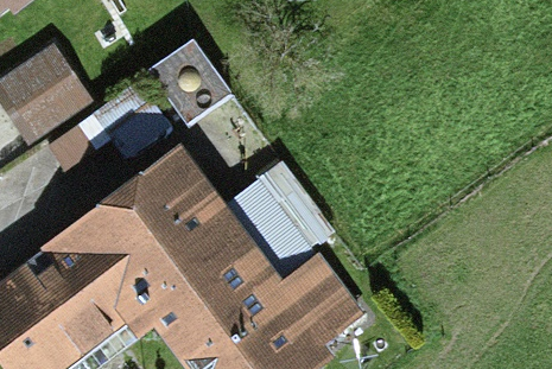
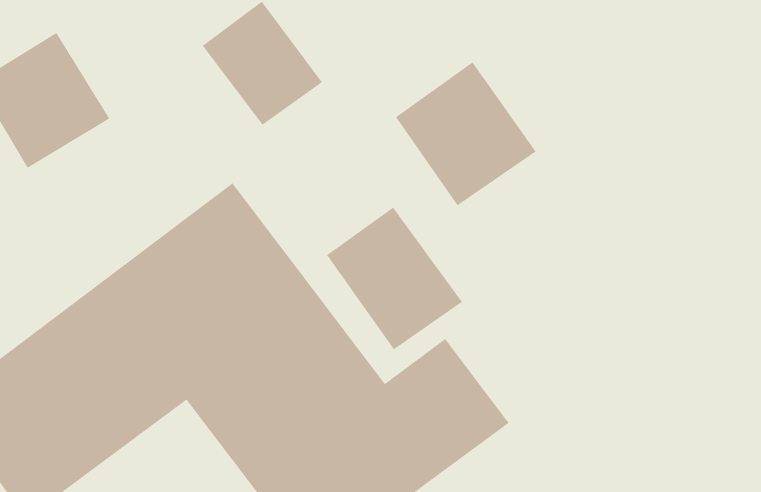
building: none -> [395,61,537,206]

